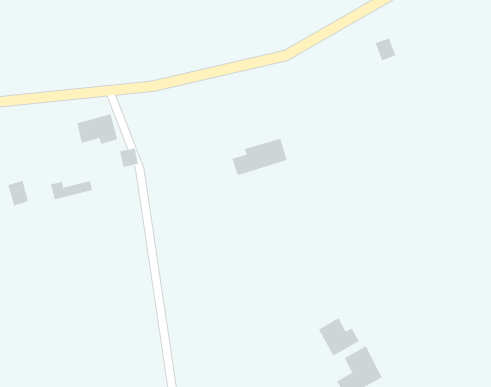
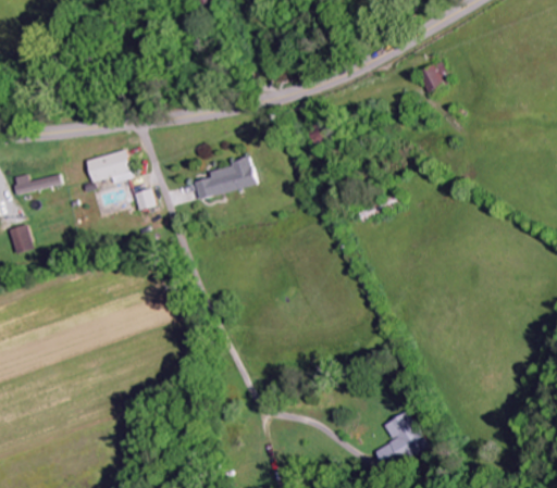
building: [231,138,288,176] -> [195,158,258,200]
building: [50,180,93,200] -> [13,173,61,195]
building: [318,317,360,356] -> none

